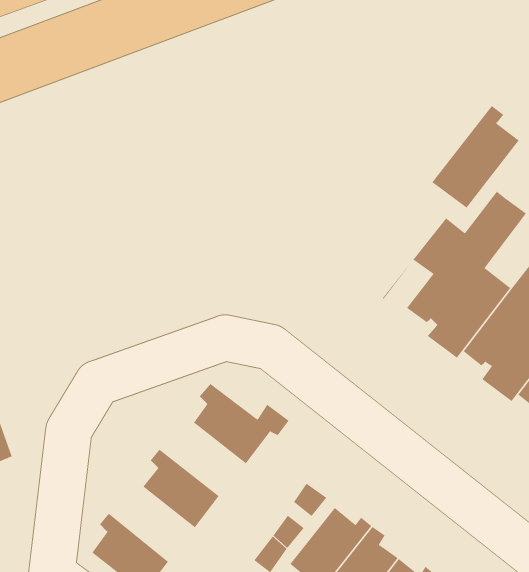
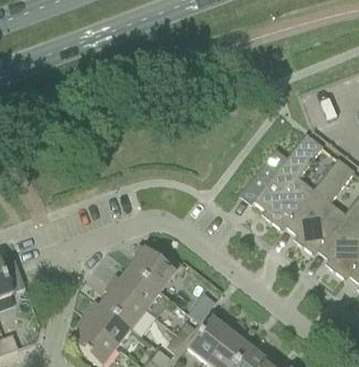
building: [432,105,520,208] -> none
building: none -> [110,267,170,317]
building: none -> [81,301,131,347]

